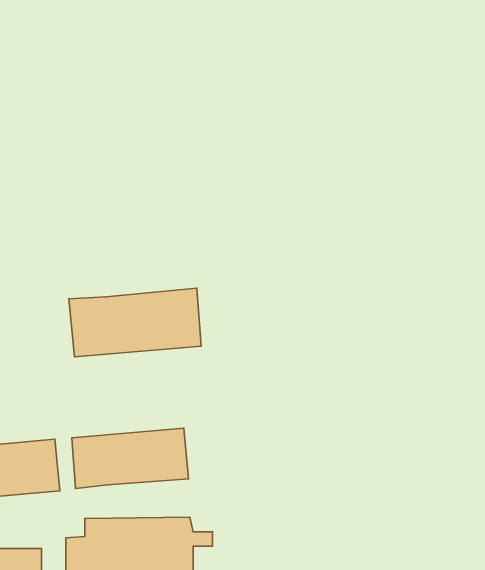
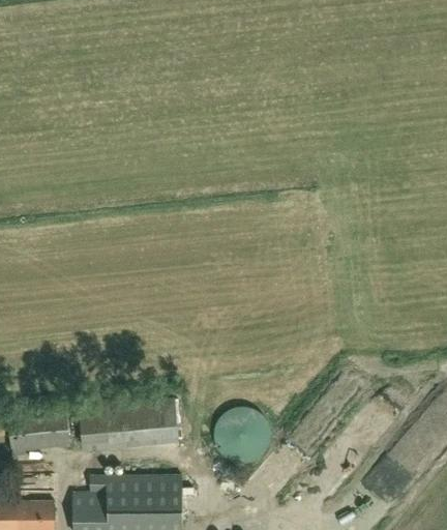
building: [69,288,201,357] -> none
building: none -> [214,407,271,464]

